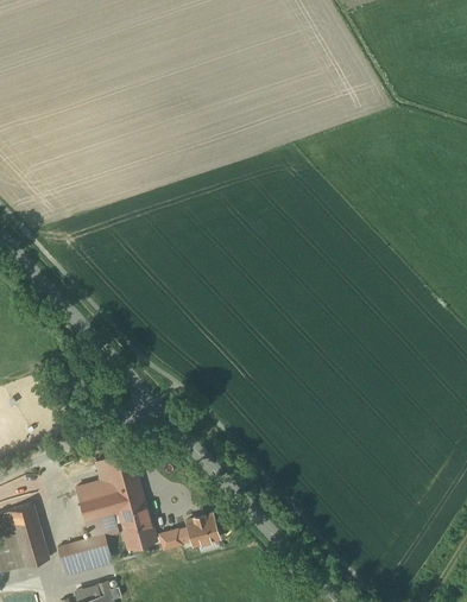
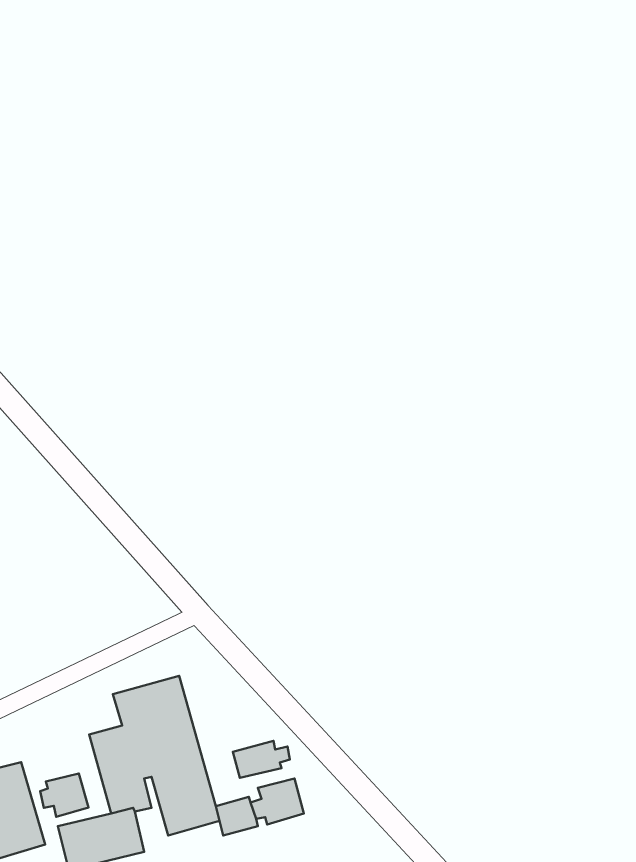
building: none -> [233,741,290,778]
building: none -> [40,773,89,817]

